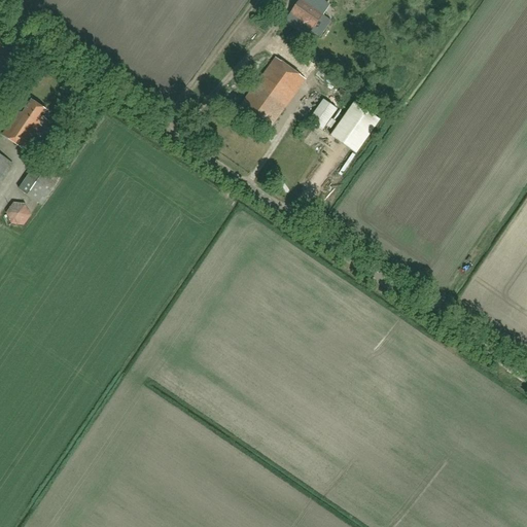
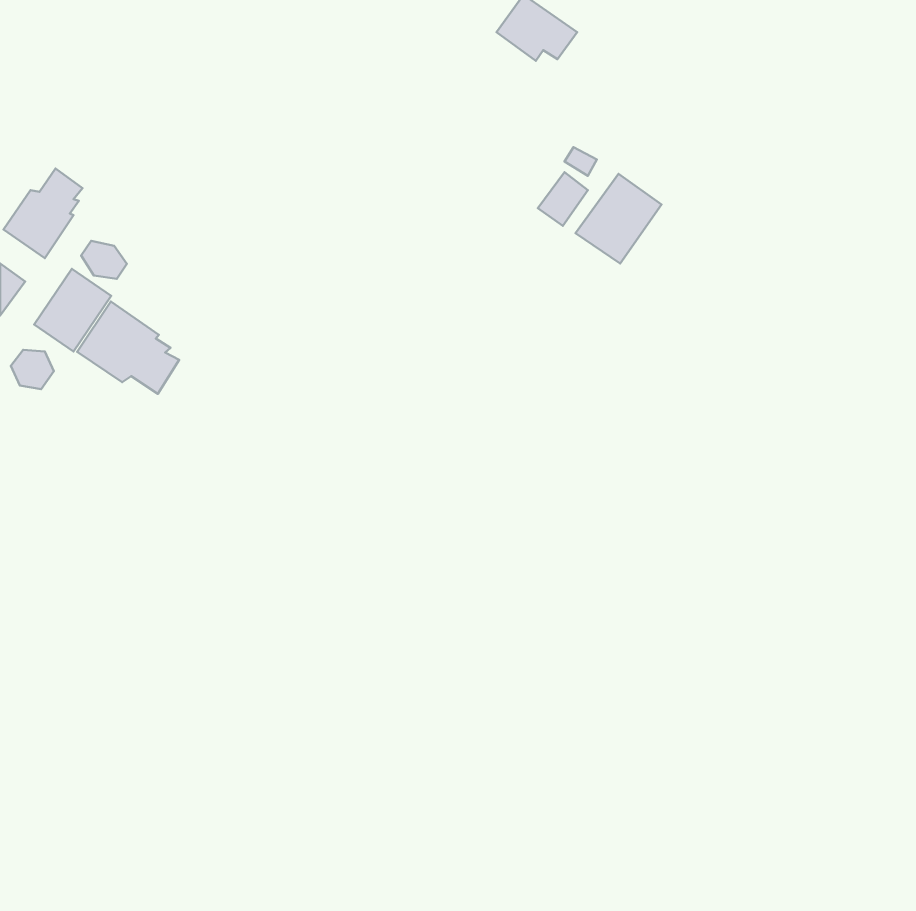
building: [240,56,305,127] -> none
building: none -> [81,241,127,279]
building: none -> [77,301,179,394]

